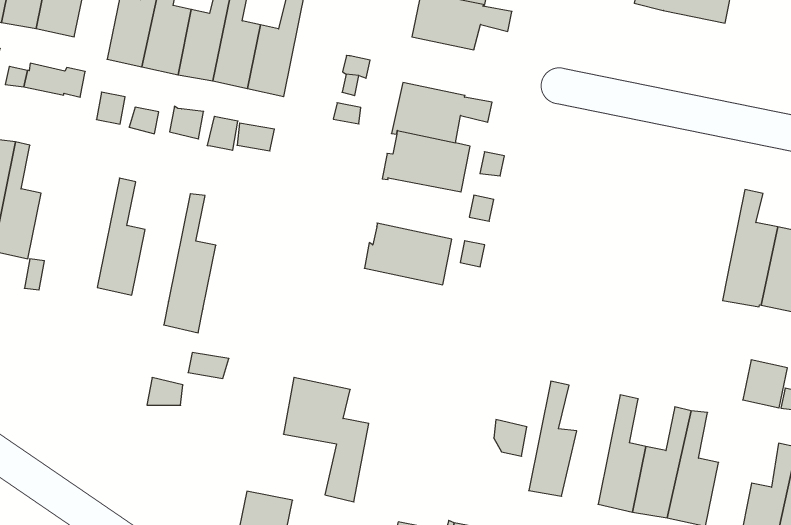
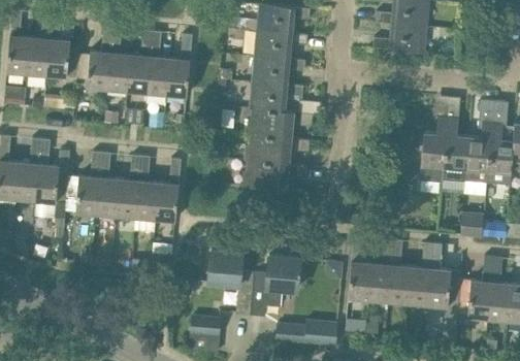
building: none -> [372,25,426,54]
building: none -> [252,56,305,85]
building: none -> [75,153,101,215]
building: none -> [243,135,291,165]
building: none -> [419,118,448,182]
building: none -> [116,156,141,218]
building: none -> [156,159,181,222]
building: none -> [366,239,392,302]
building: none -> [252,257,299,318]

